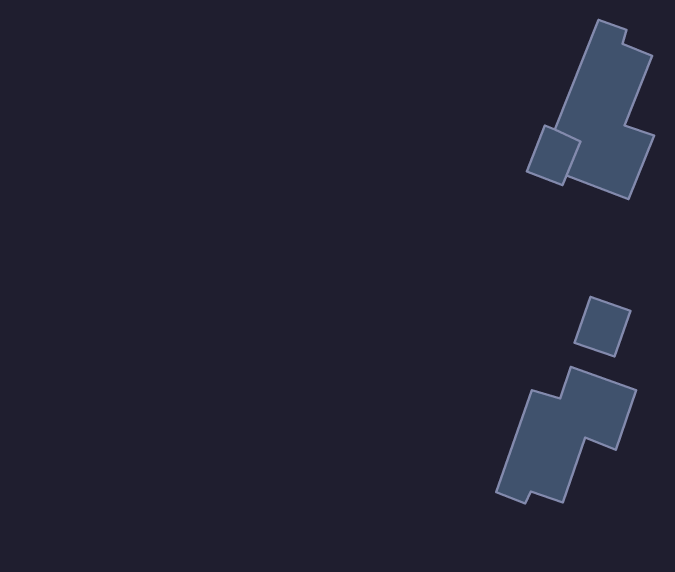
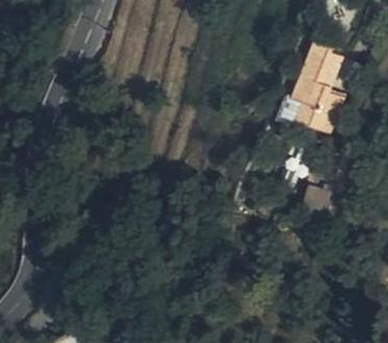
building: [496,367,636,503] -> none

